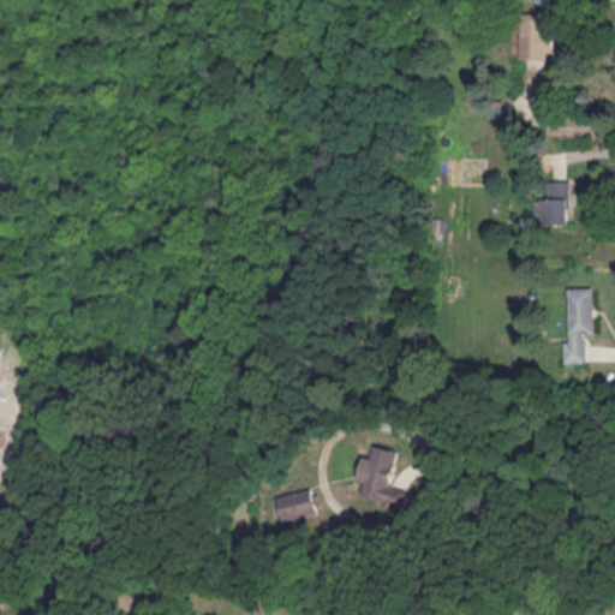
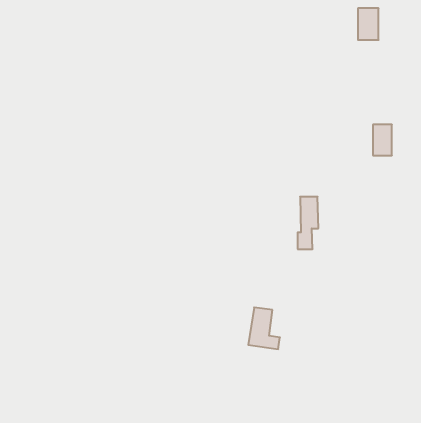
building: [561,289,591,365] -> [298,197,318,249]
building: [273,490,317,523] -> none

